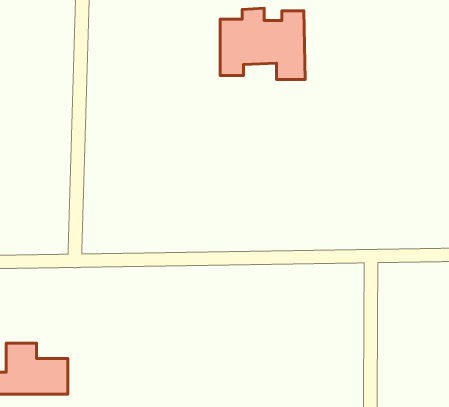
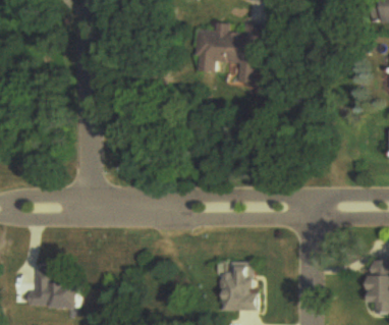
building: none -> [218,262,255,311]

